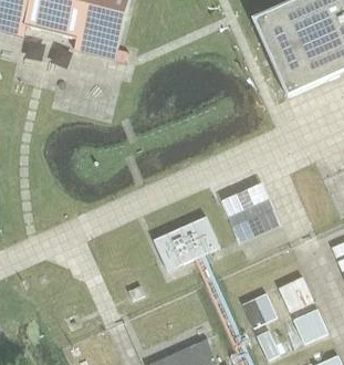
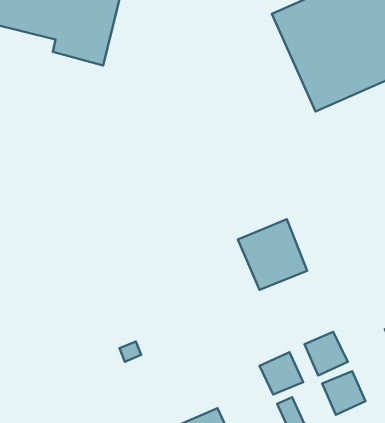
building: [153,216,219,271] -> none

